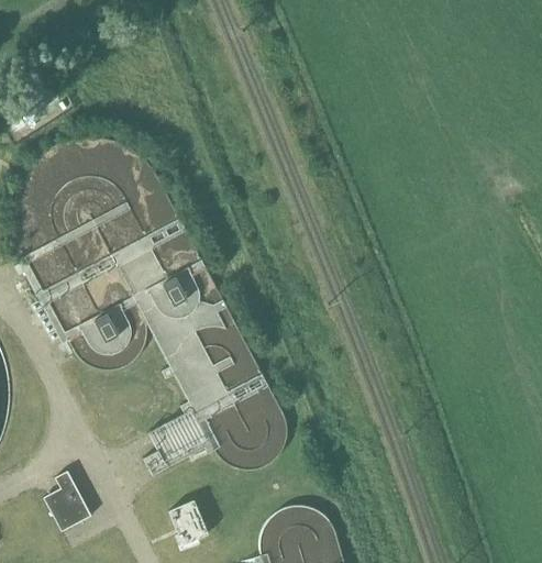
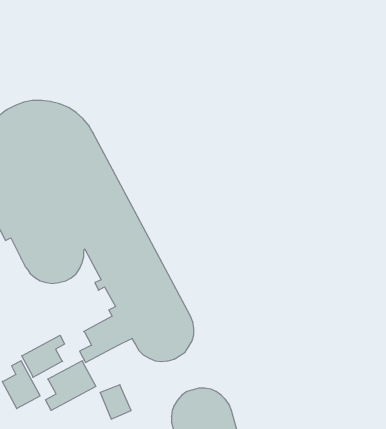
building: none -> [22,335,65,377]
building: none -> [46,361,96,410]

